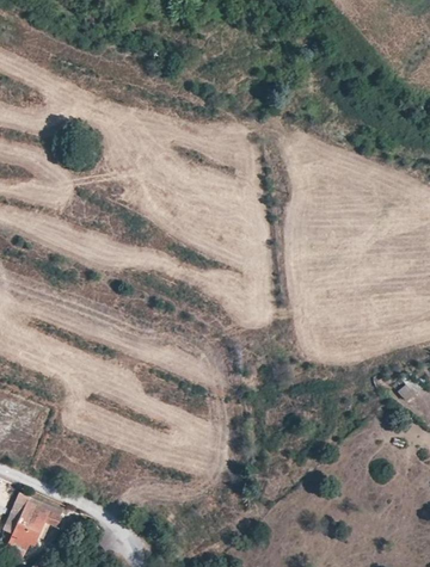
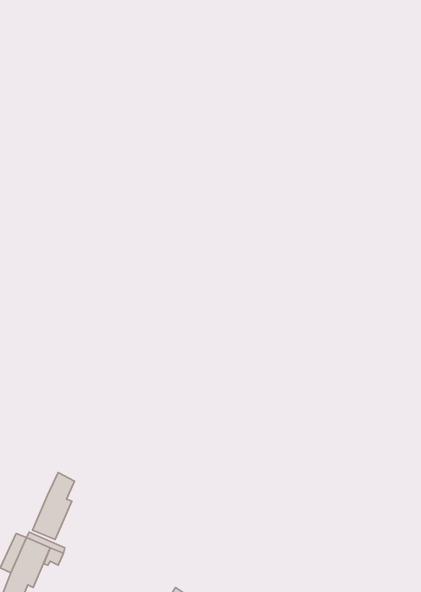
building: none -> [33,473,75,540]

